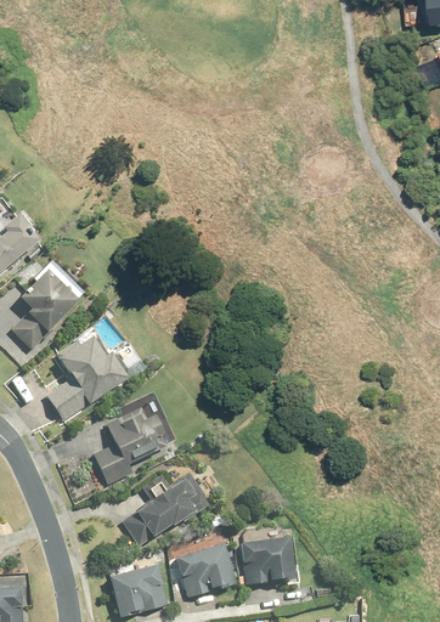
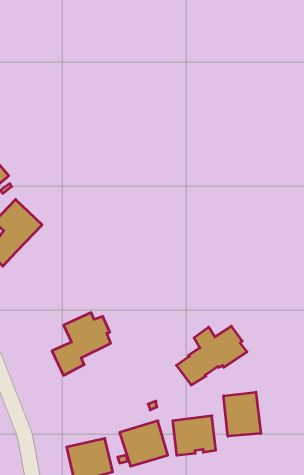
building: [45,333,130,422] -> none
building: [122,473,209,545] -> [176,326,247,385]
building: none -> [224,392,261,436]

